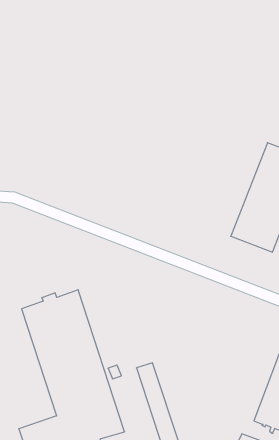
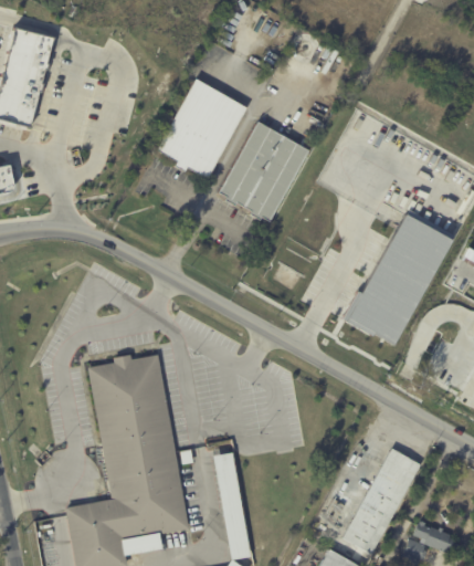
building: none -> [156,81,247,181]
building: none -> [219,124,309,224]

